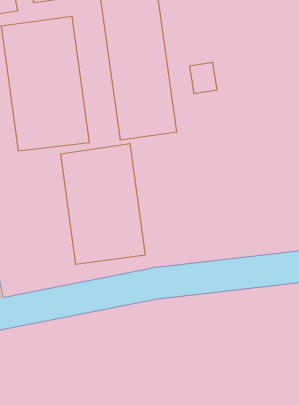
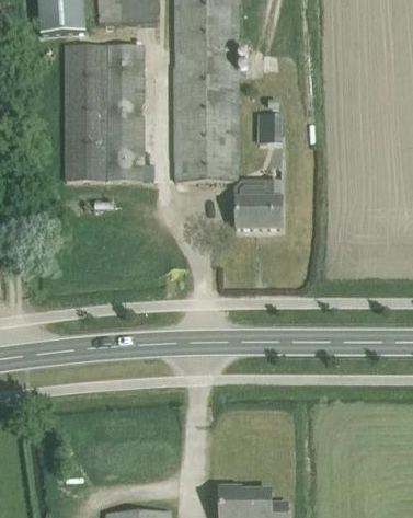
building: none -> [236,180,282,227]
building: [61,143,145,265] -> none

